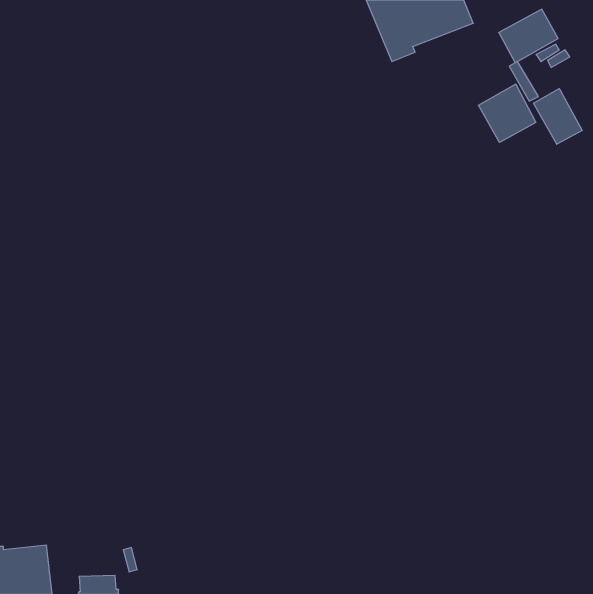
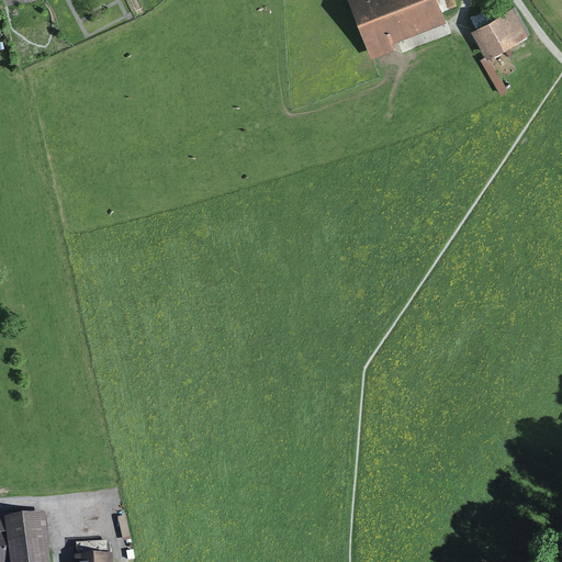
building: [478,84,536,142] -> none
building: [534,89,582,144] -> none

